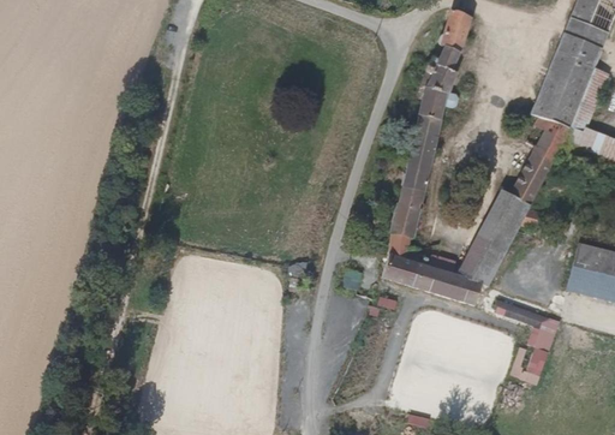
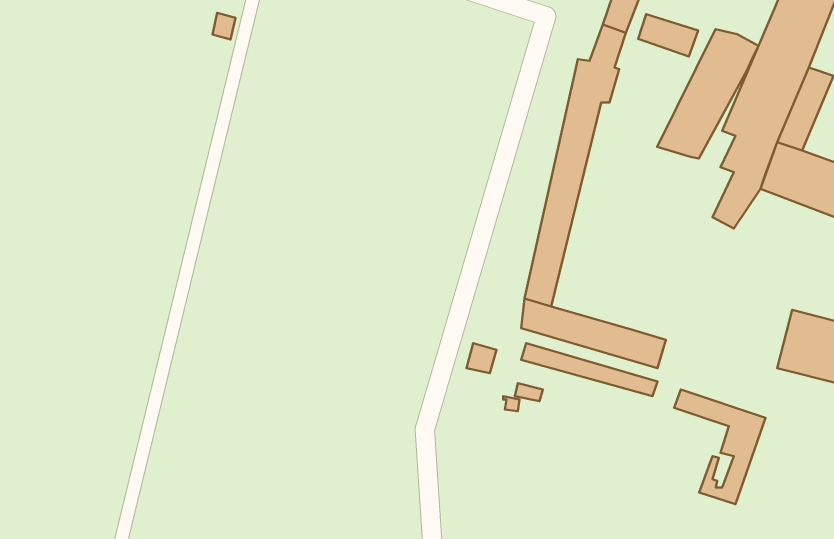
building: none -> [638,14,698,56]
building: [466,173,539,267] -> [657,29,759,159]

